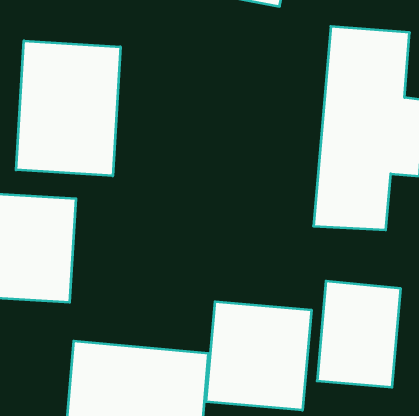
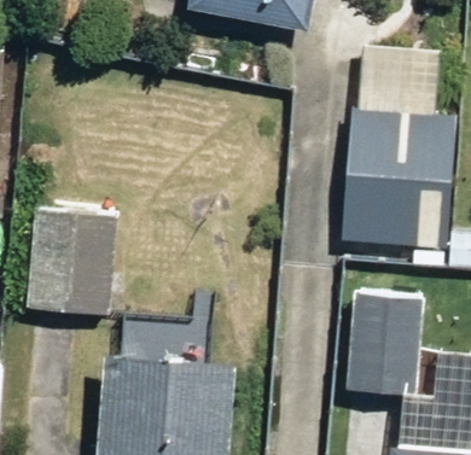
building: [16,41,120,176] -> none
building: [206,302,311,410] -> none

